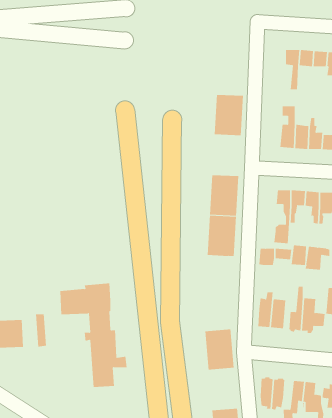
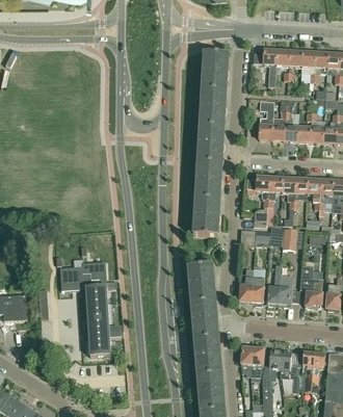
building: none -> [202,54,229,92]
building: none -> [197,127,225,164]
building: none -> [188,266,215,305]
building: none -> [194,338,221,376]

